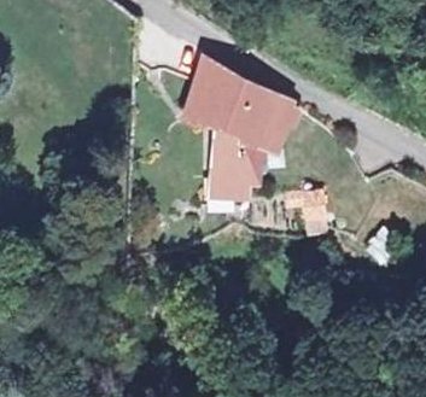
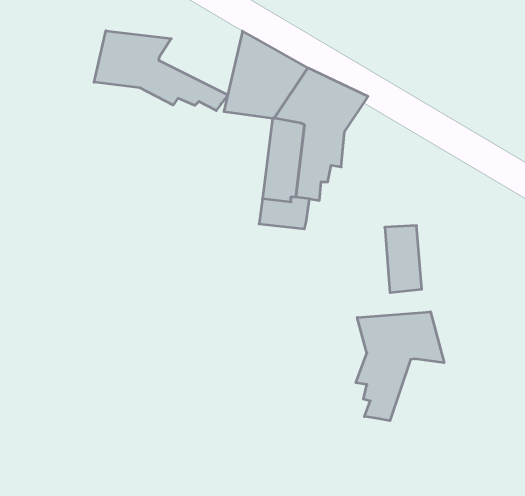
building: none -> [94,31,228,111]
building: none -> [356,312,444,421]

